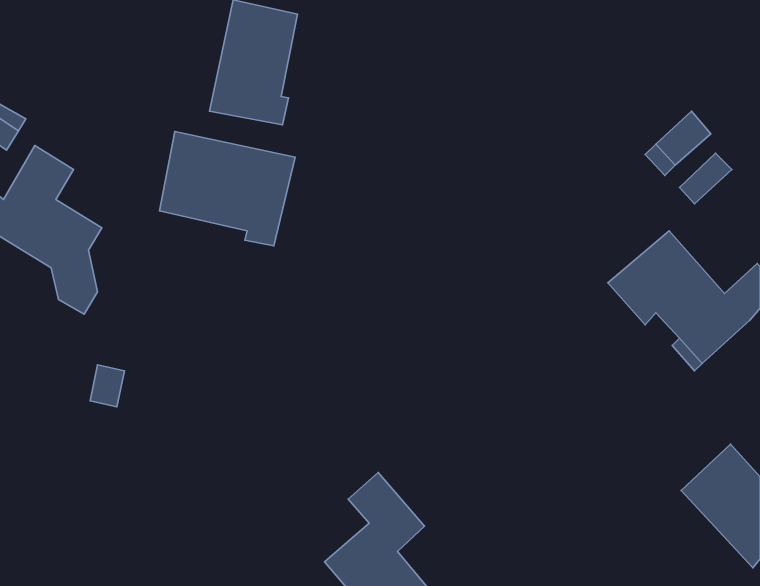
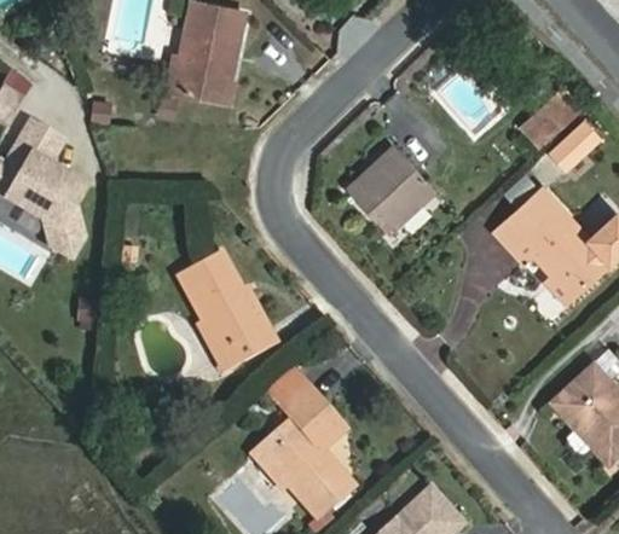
building: [159,132,295,246] -> none
building: none -> [345,146,434,236]
building: none -> [175,250,277,362]

